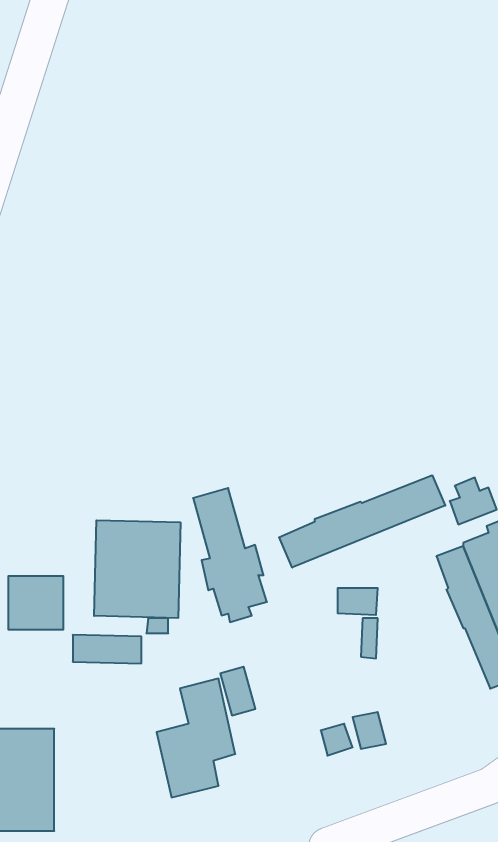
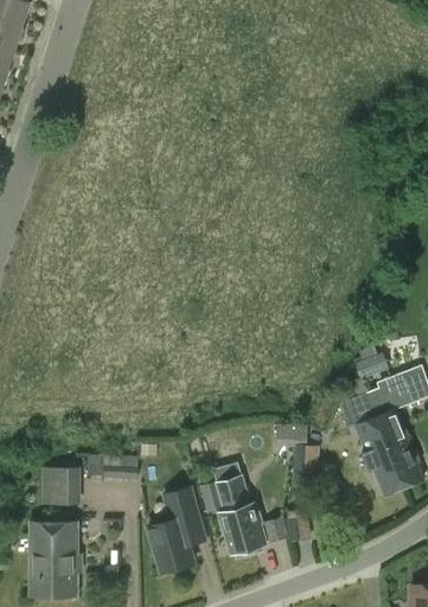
building: [279,475,445,568] -> none
building: [193,488,267,622] -> [212,461,264,556]
building: [94,520,180,618] -> none
building: [8,576,63,630] -> [43,467,82,505]

